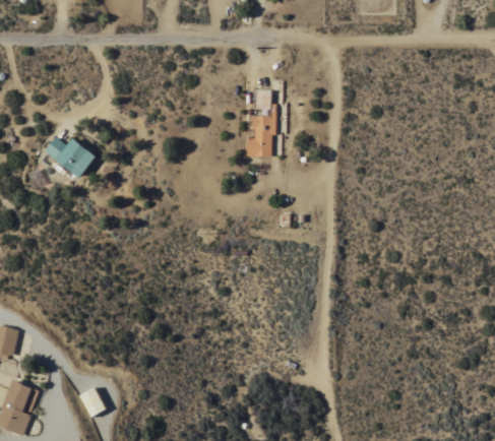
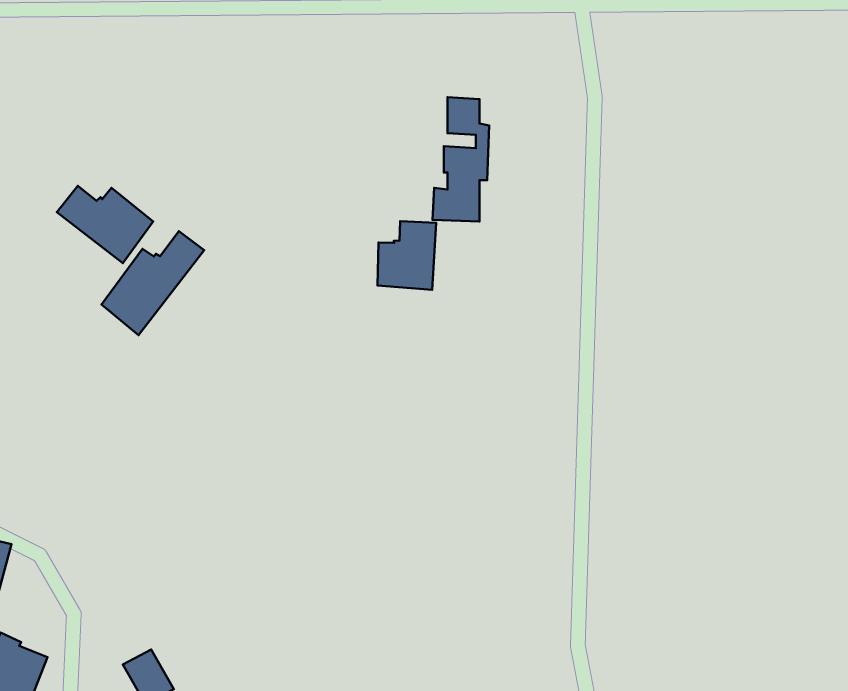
building: none -> [378,221,436,290]
building: none -> [101,231,204,335]

